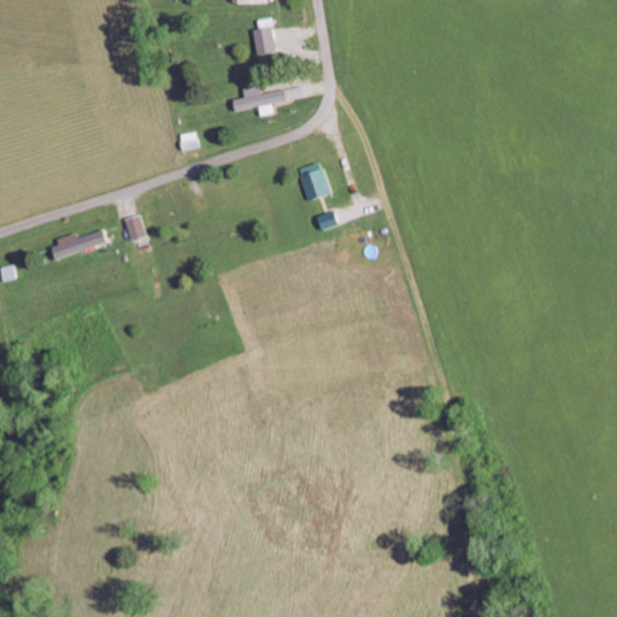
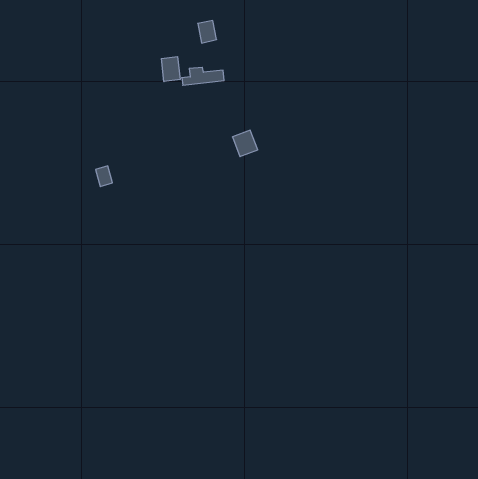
building: none -> [161,57,180,82]
building: [49,229,106,258] -> none

